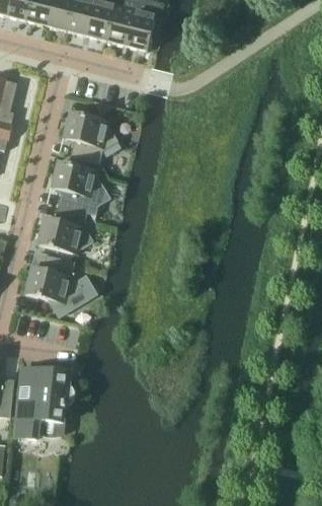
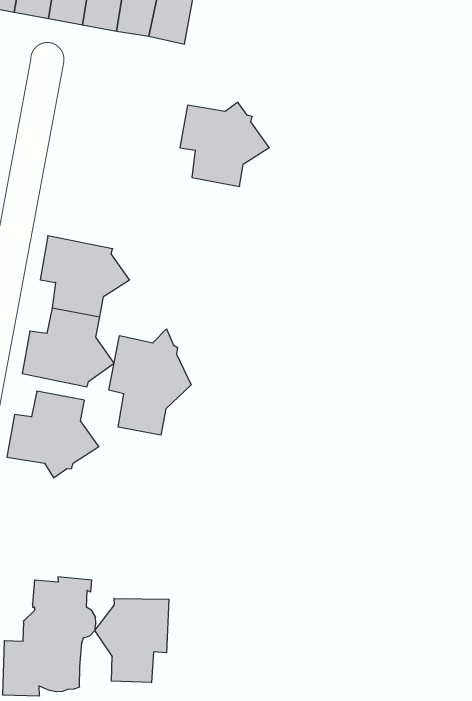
building: [63,113,116,163] -> [180,102,269,186]
building: none -> [109,329,191,435]
building: none -> [95,598,169,683]

